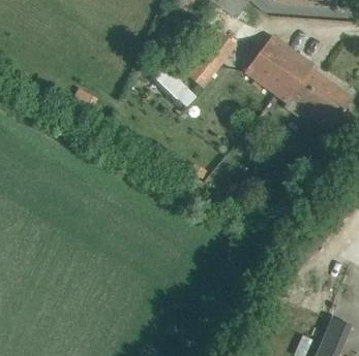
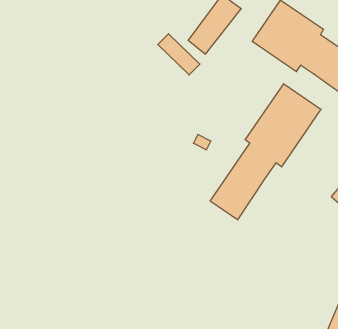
building: none -> [210,84,321,220]

